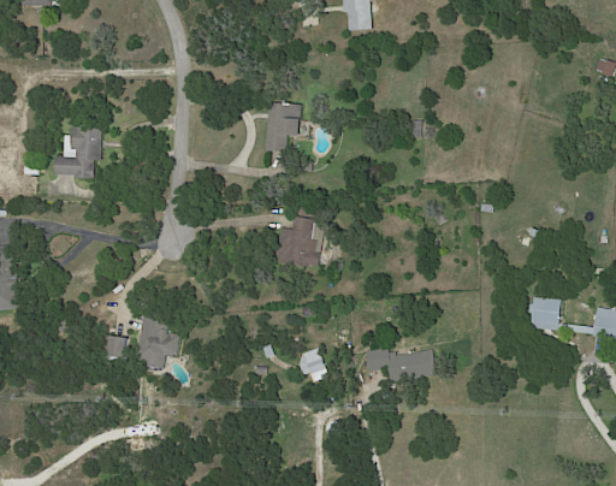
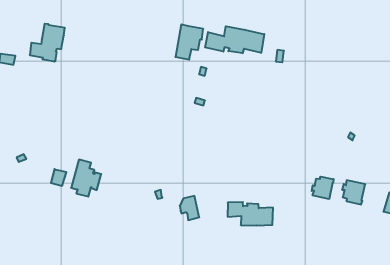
building: none -> [205,26,264,53]
building: [274,215,320,267] -> none
building: none -> [312,177,334,199]

